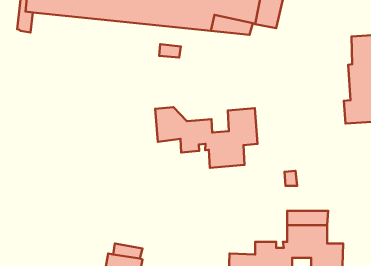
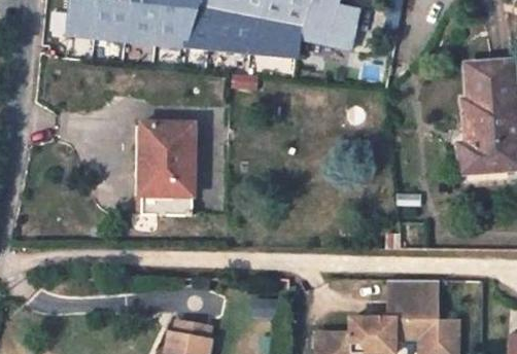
building: none -> [141,121,193,214]
building: [155,107,257,168] -> none

